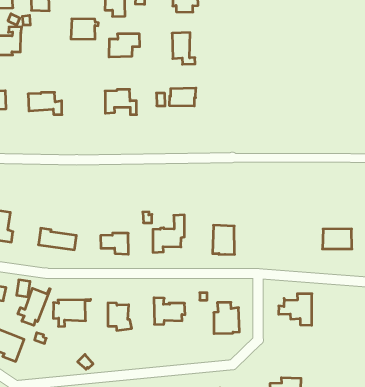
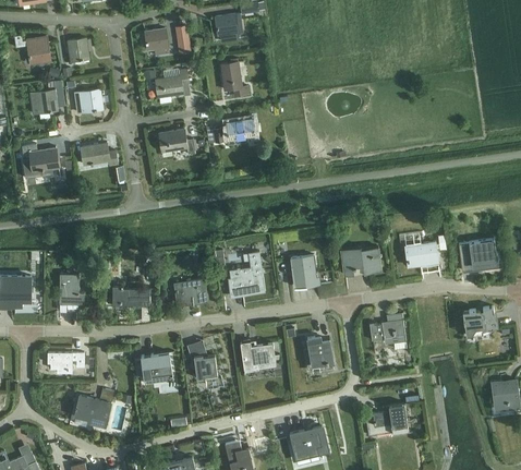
building: [71,19,98,39] -> [75,89,104,113]
building: none -> [341,246,380,275]
building: [18,288,50,325] -> none

